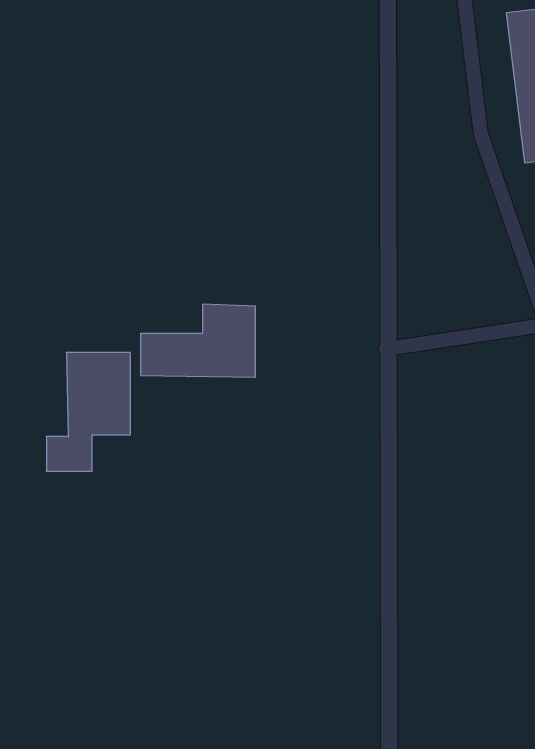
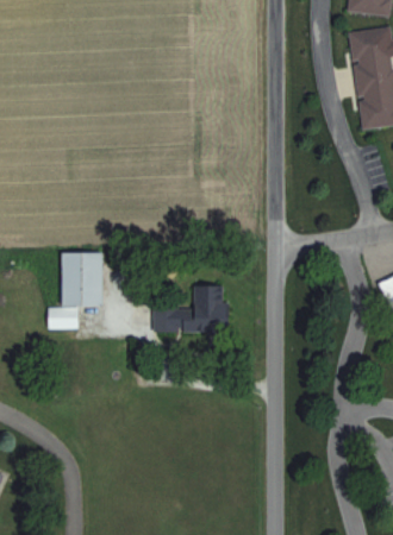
building: [141,304,256,377] -> [152,284,227,332]

